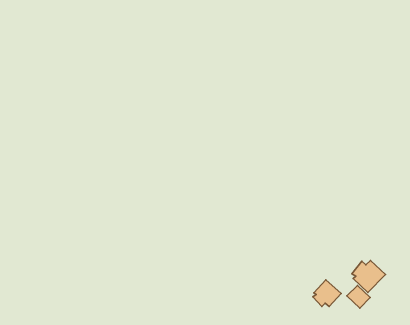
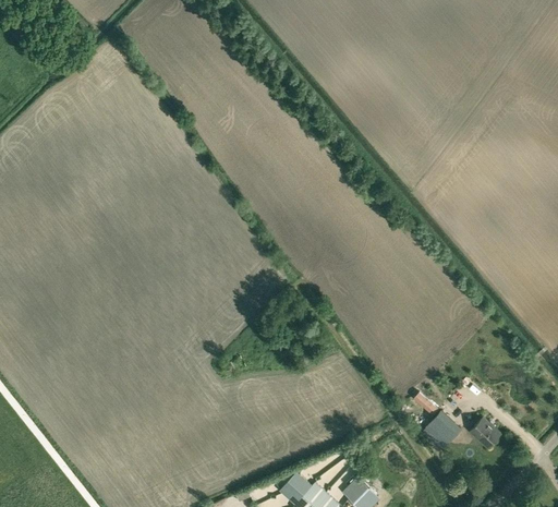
building: [352,261,385,292] -> none

